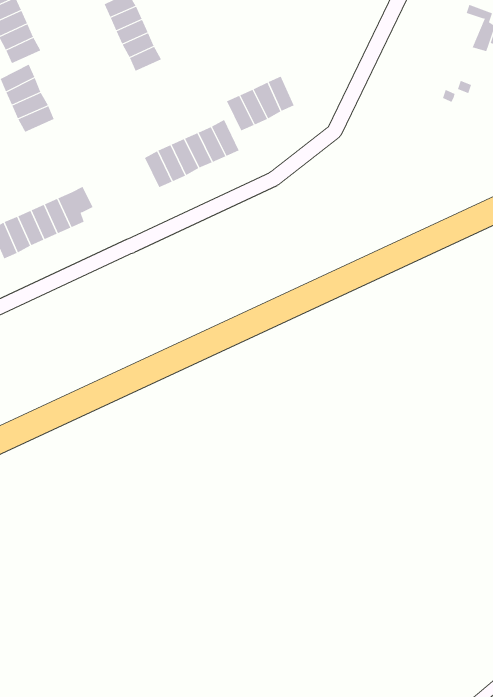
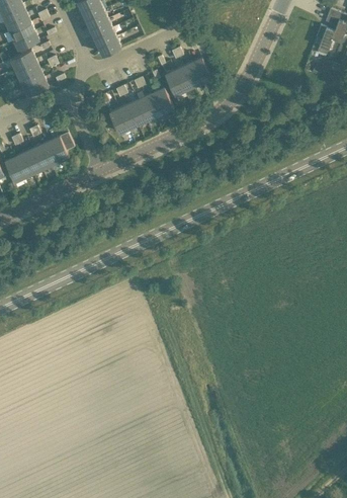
building: none -> [315,15,339,55]

